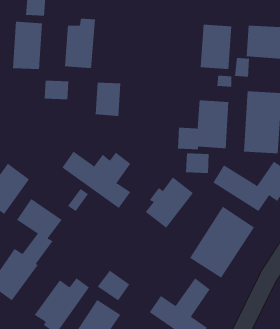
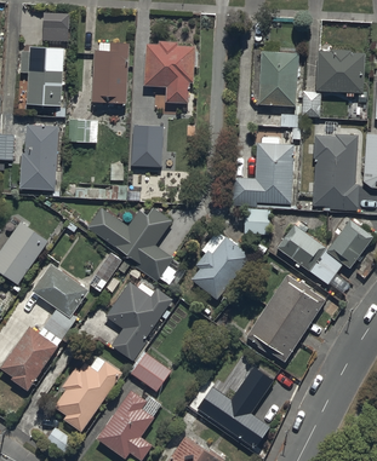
building: none -> [141,45,192,103]
building: none -> [18,122,58,190]
building: none -> [104,281,171,359]

